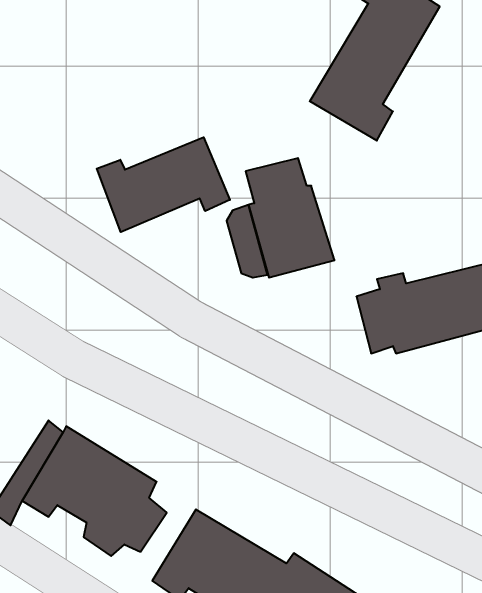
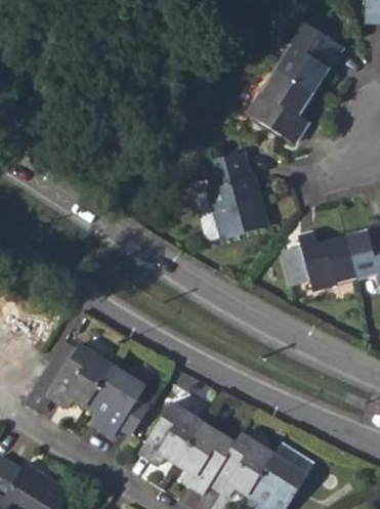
building: [97,137,230,232] -> none

